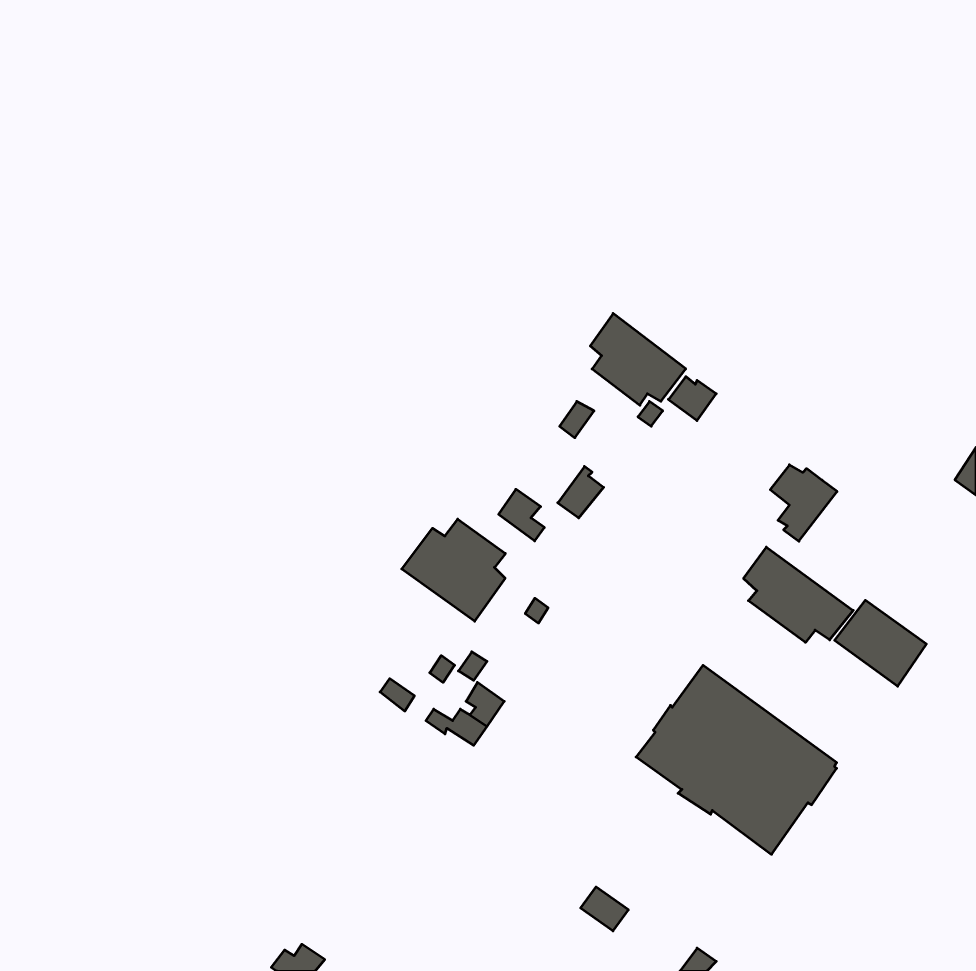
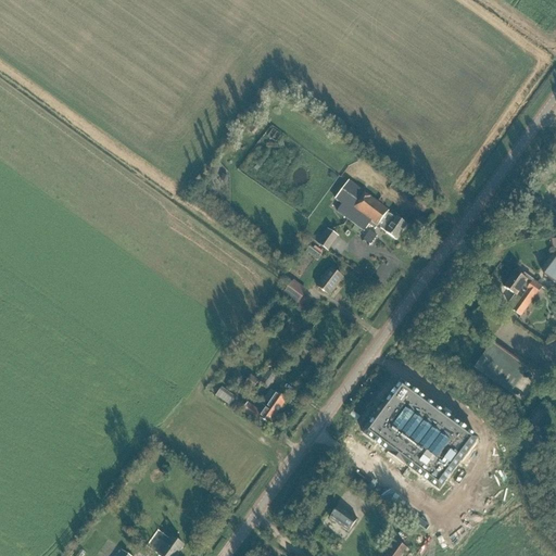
building: [770,465,837,541] -> [504,270,542,314]
building: [402,519,505,621] -> none
building: [744,547,853,642] -> none

